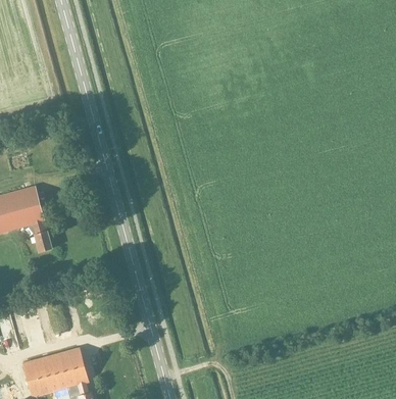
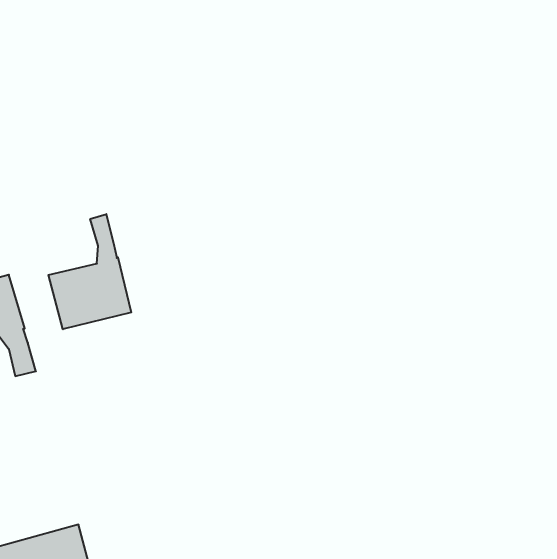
building: none -> [48,214,131,329]

